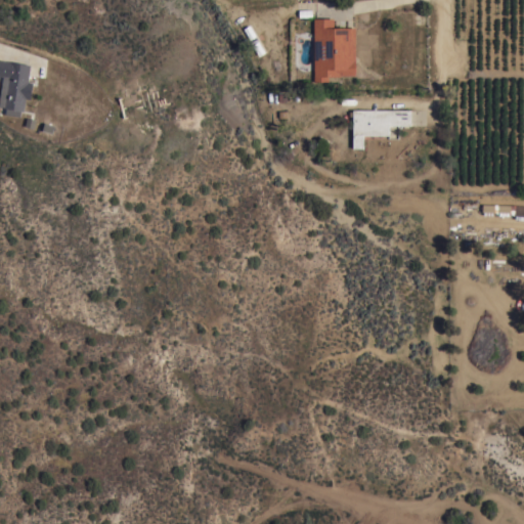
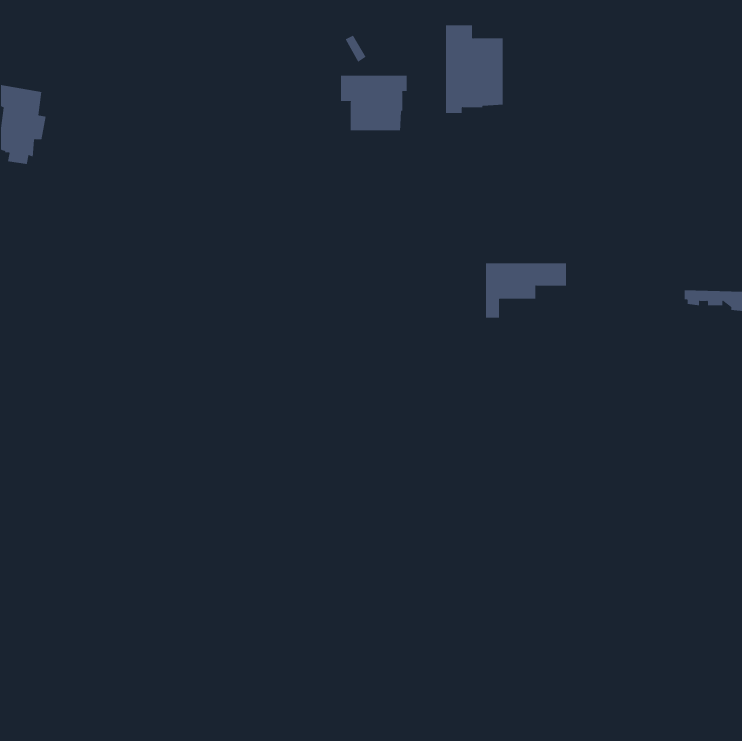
building: none -> [340,75,407,131]
building: [353,111,410,149] -> [485,263,567,318]

